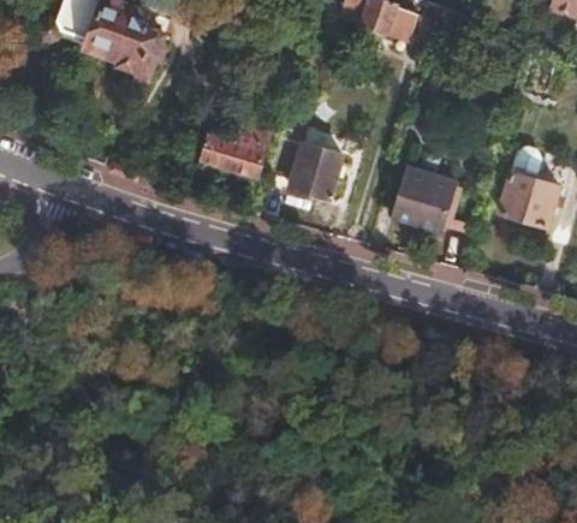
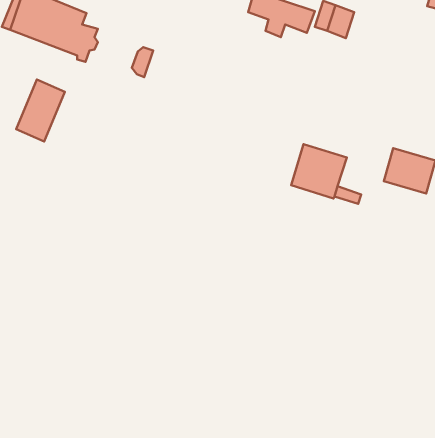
building: none -> [16,80,65,141]
building: [200,123,272,177] -> none
building: [269,137,340,198] -> none

